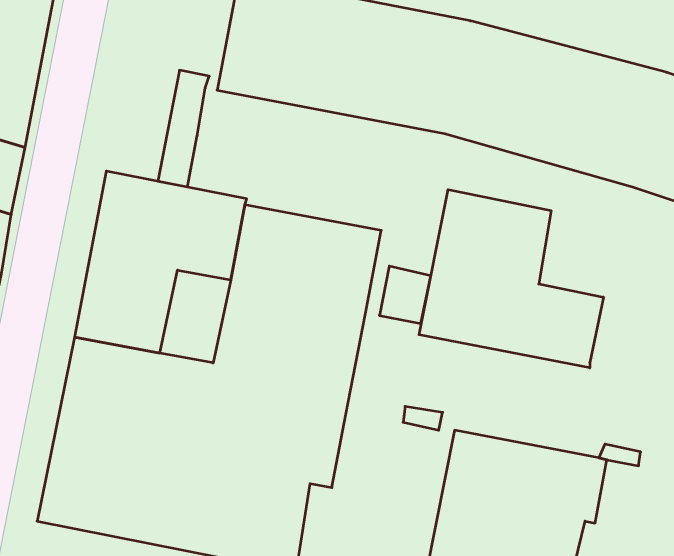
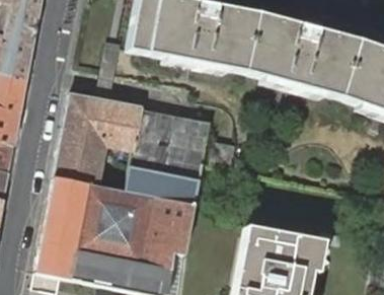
building: [419,190,603,368] -> none

